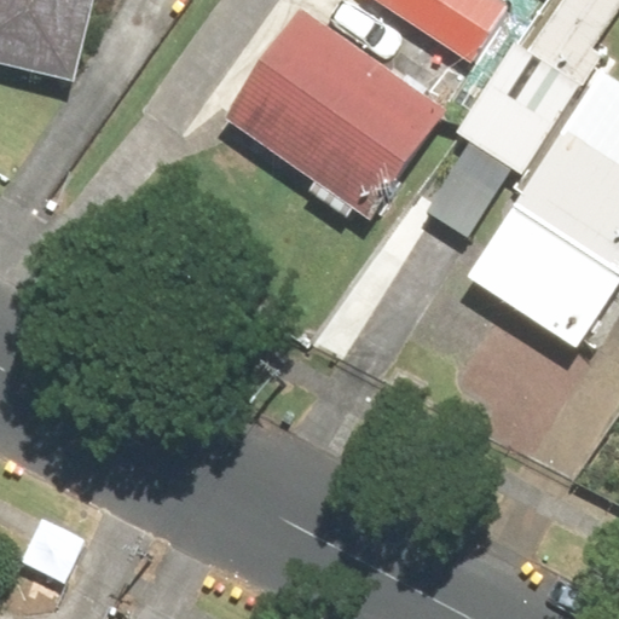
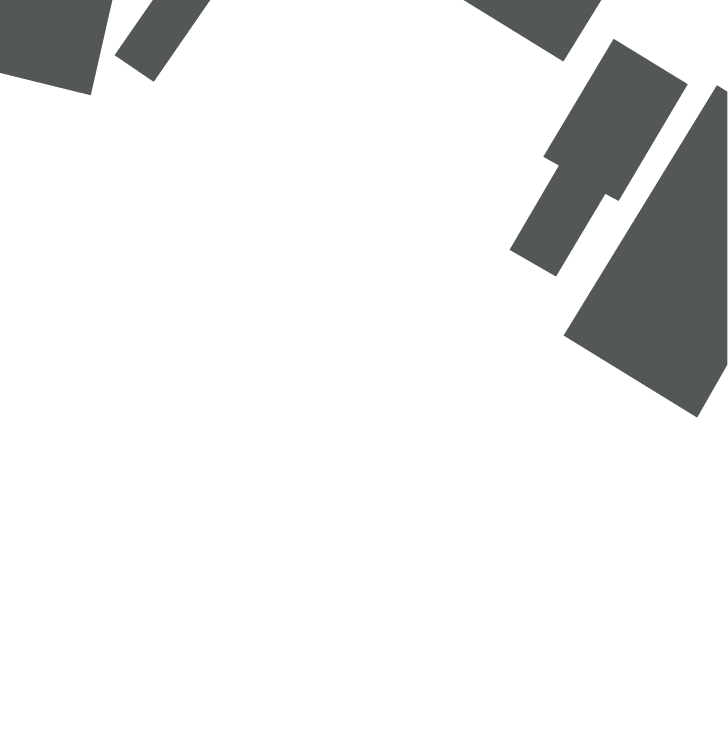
building: [226,6,451,220] -> none

